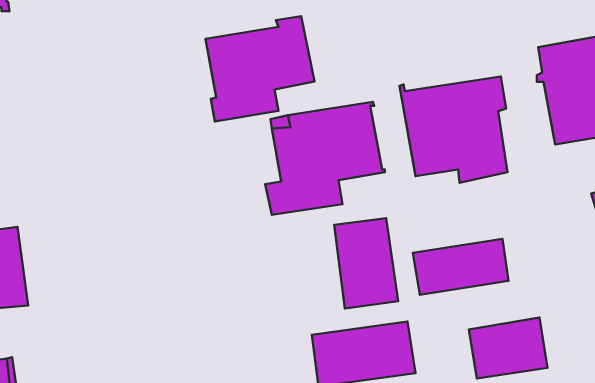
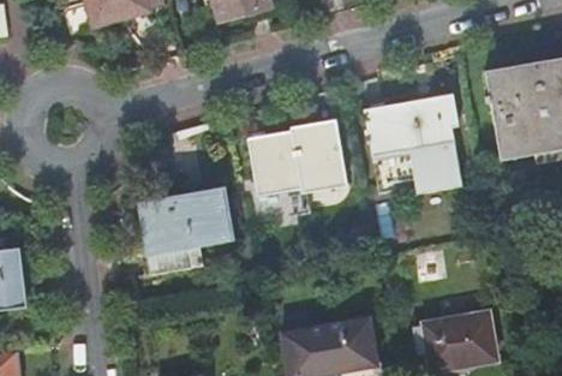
building: [205,16,315,121] -> [137,178,235,273]
building: [334,218,398,309] -> none
building: [413,239,508,295] -> none

